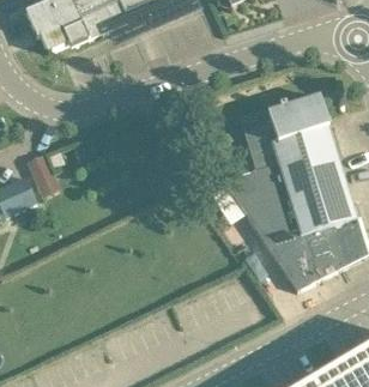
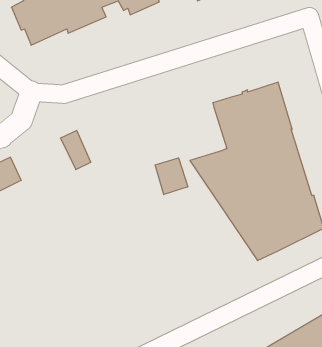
building: [25,152,59,195] -> [60,130,91,170]
building: none -> [155,158,188,195]

